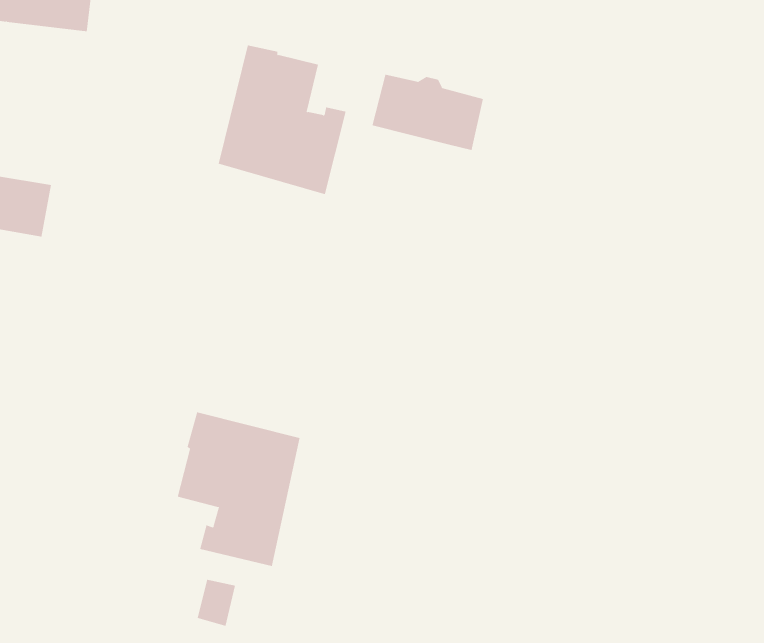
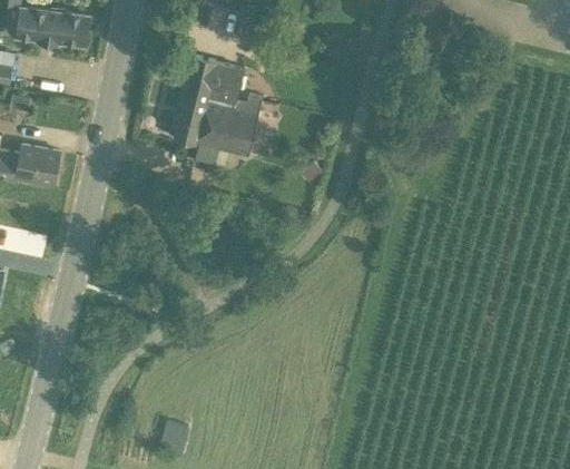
building: [372,74,484,151] -> none
building: [177,411,300,567] -> none

